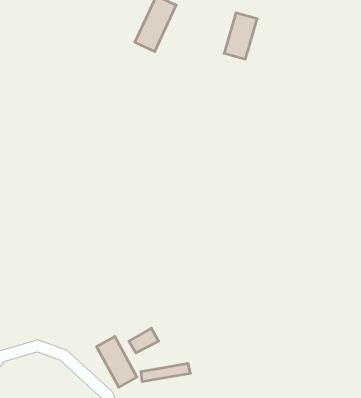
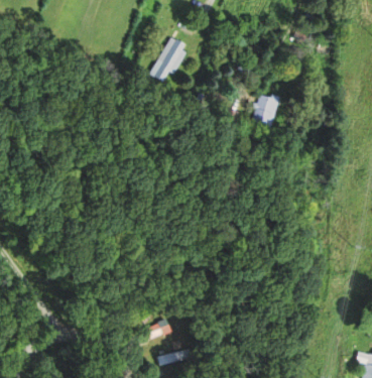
building: [224,13,257,59] -> [250,94,278,133]
building: [97,336,137,387] -> none

